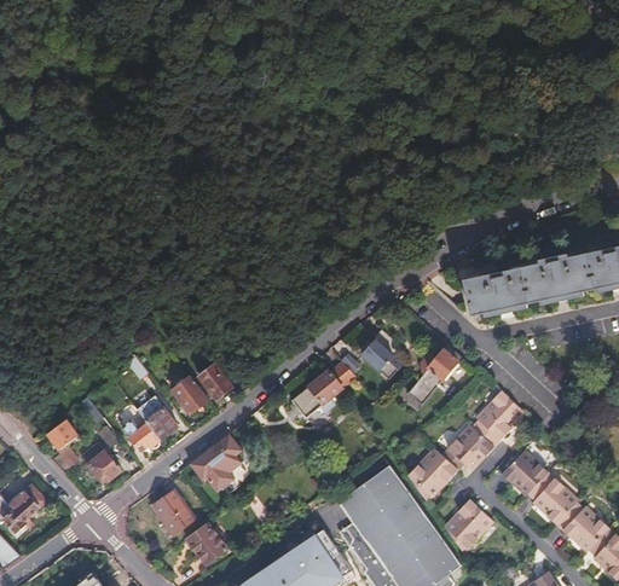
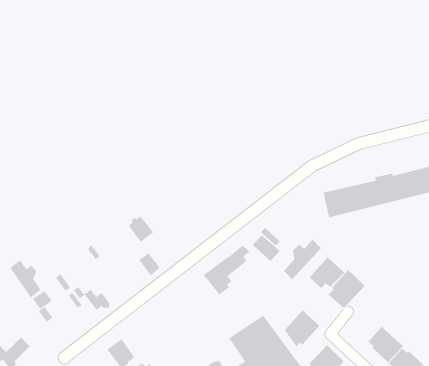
building: [172,376,209,414] -> [128,215,154,242]
building: none -> [9,260,41,298]
building: [137,394,179,440] -> none
building: [441,424,493,471] -> [309,256,345,289]
building: [190,433,245,493] -> none
building: [86,448,121,480] -> none
building: [503,449,548,495] -> none

